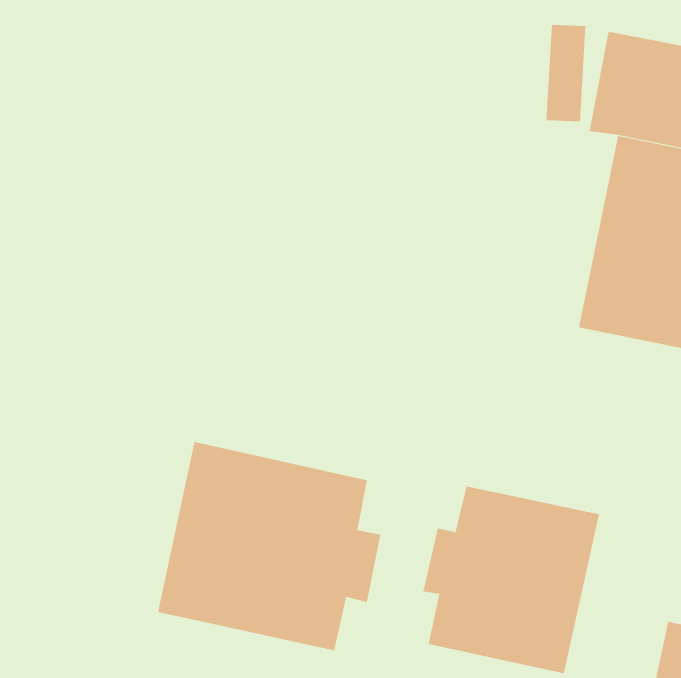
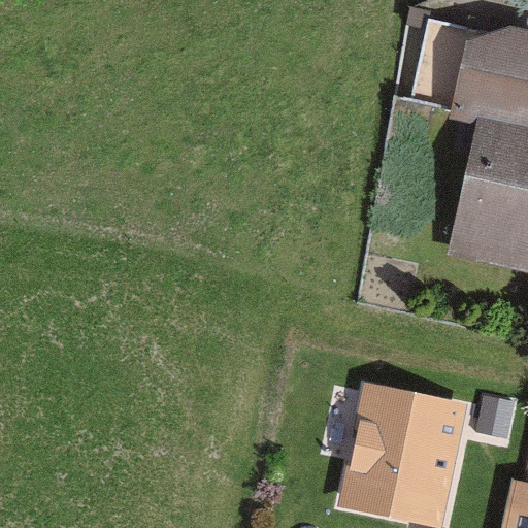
building: [158,441,381,651] -> none

